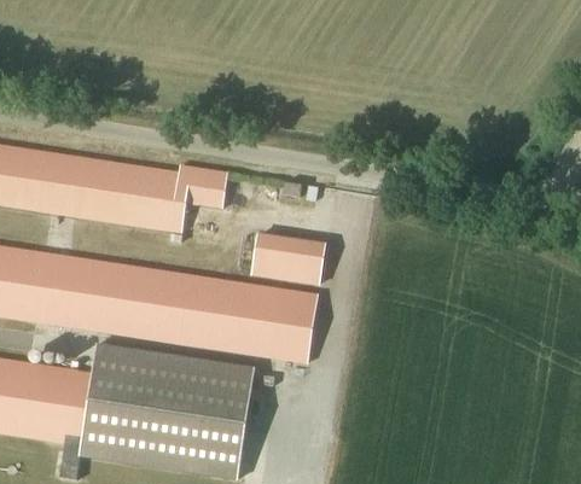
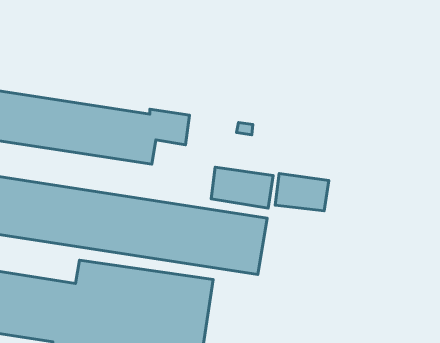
building: none -> [275,173,329,211]

